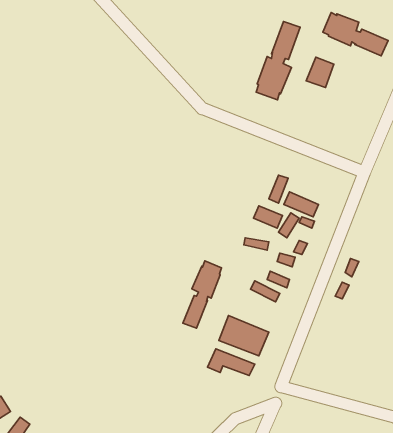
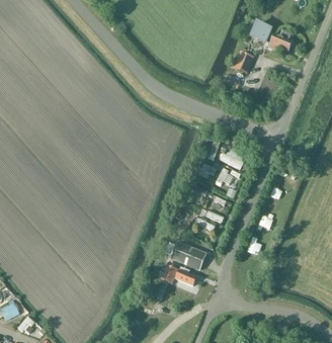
building: [256,22,300,100] -> none
building: [183,261,222,328] -> none

